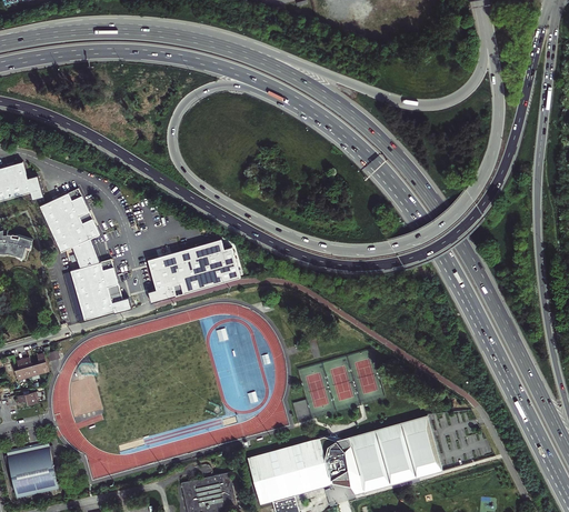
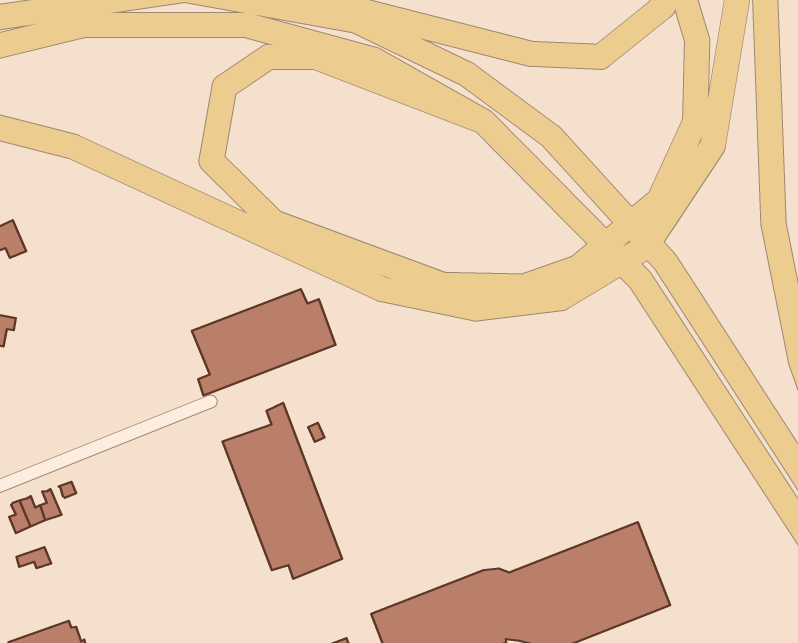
building: [40,189,131,320] -> none
building: none -> [223,403,342,579]

